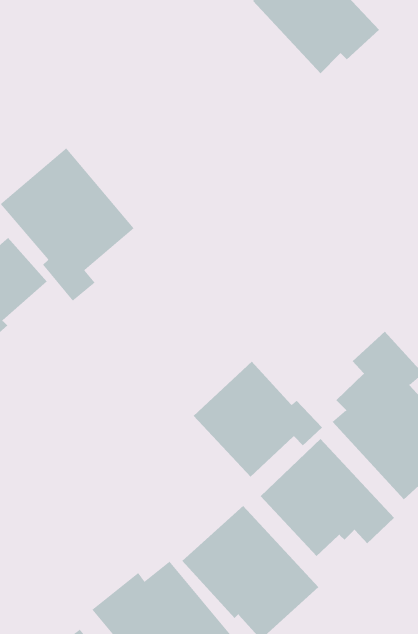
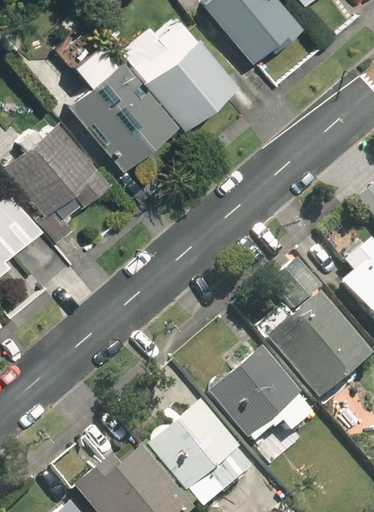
building: none -> [124,16,240,130]
building: none -> [62,35,176,171]
building: [193,361,323,478] -> none

